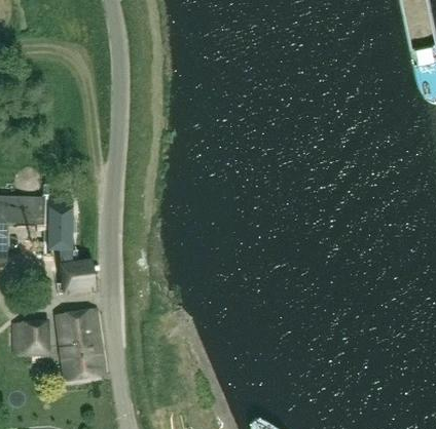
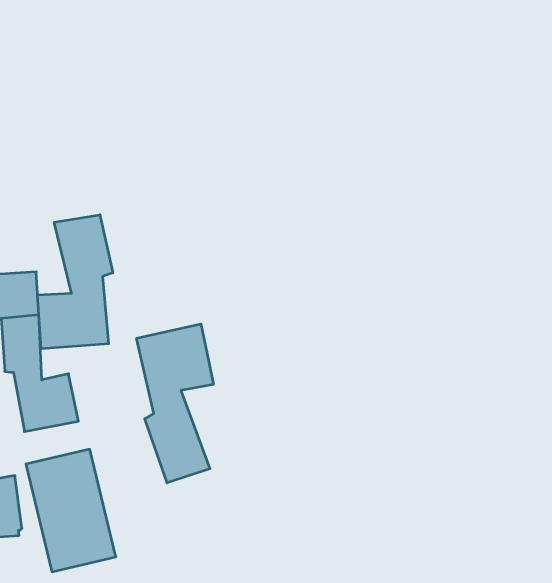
building: none -> [38,215,113,349]
building: none -> [137,324,213,483]

